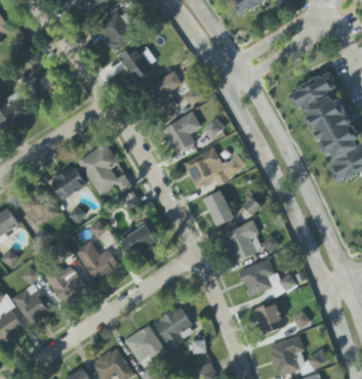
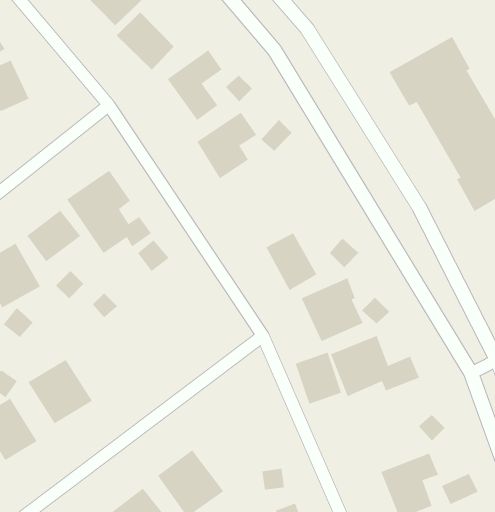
building: [183,148,245,188] -> none
building: [120,220,156,257] -> none
building: [75,241,118,281] -> none
building: [254,301,283,334] -> [295,352,342,405]
building: [153,306,195,348] -> none

